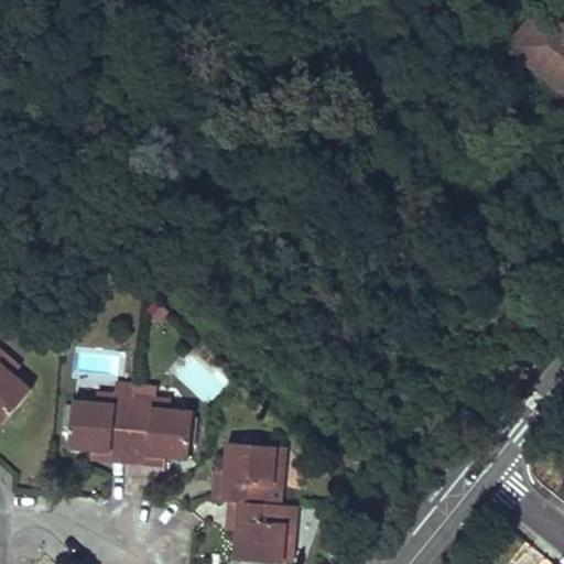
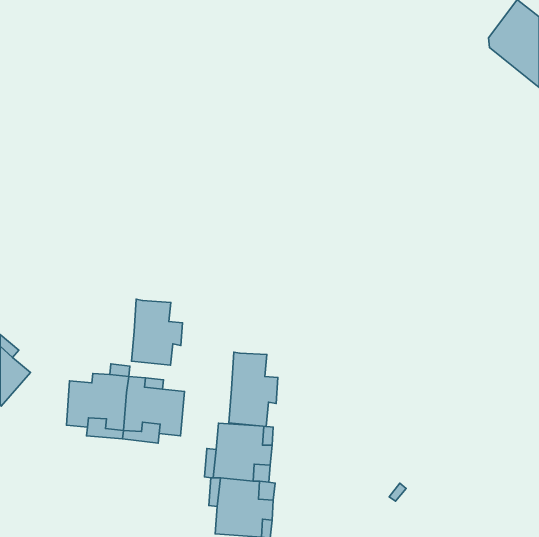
building: none -> [131,299,182,365]
building: none -> [229,352,278,426]

